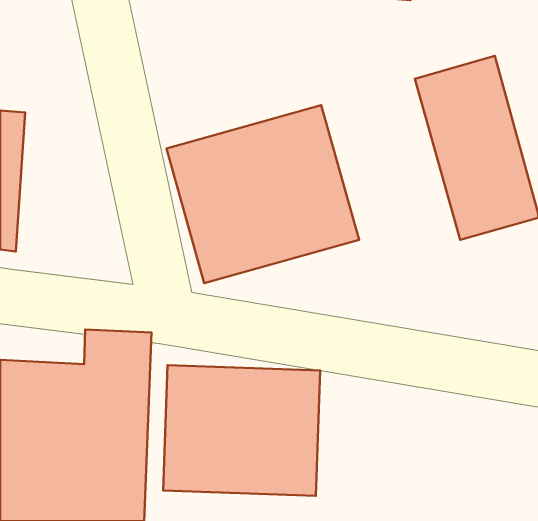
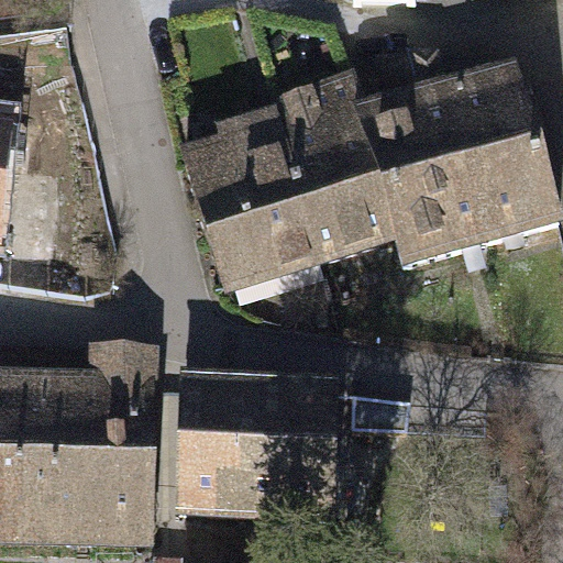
building: none -> [335,82,481,278]

